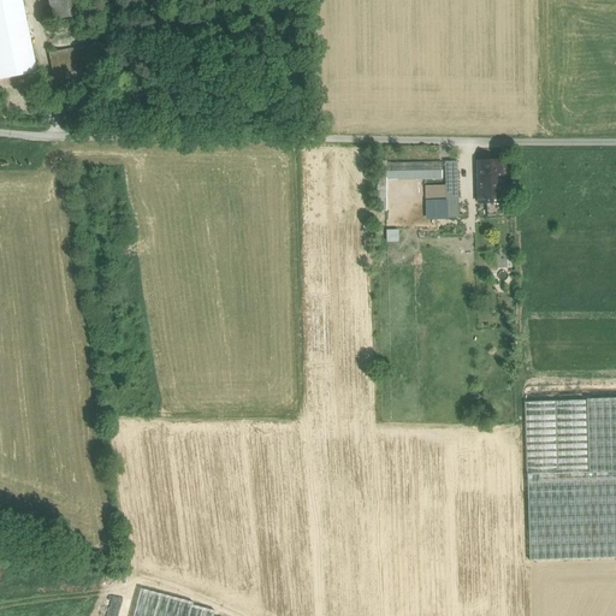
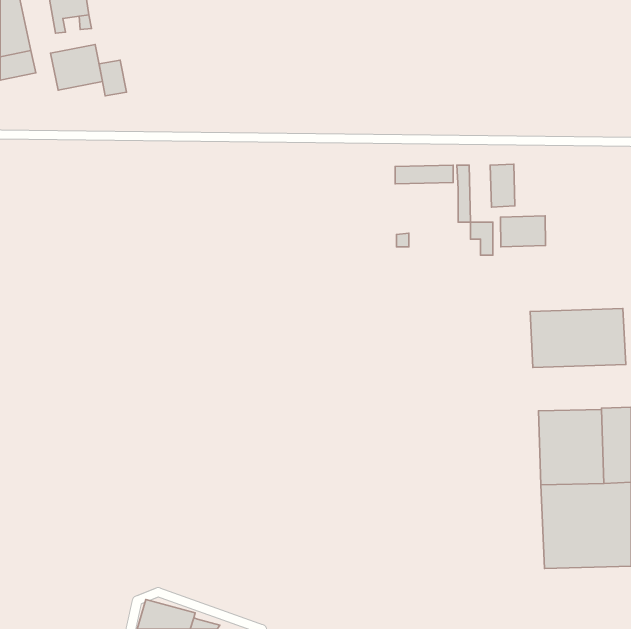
building: none -> [99,60,126,96]
building: [425,184,446,217] -> [470,222,493,255]
building: none -> [501,216,545,247]
building: none -> [530,309,626,368]

